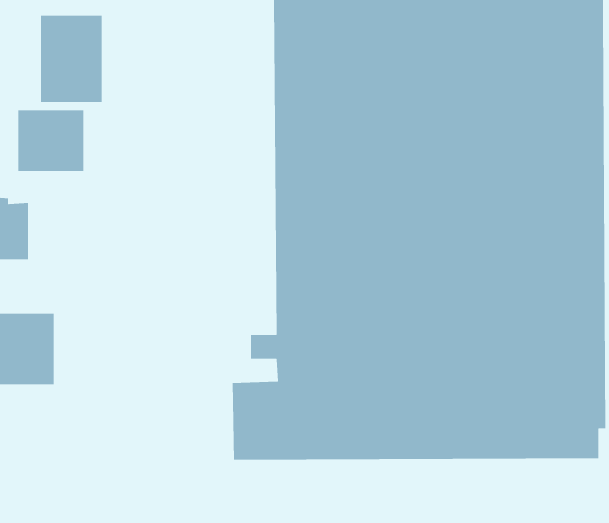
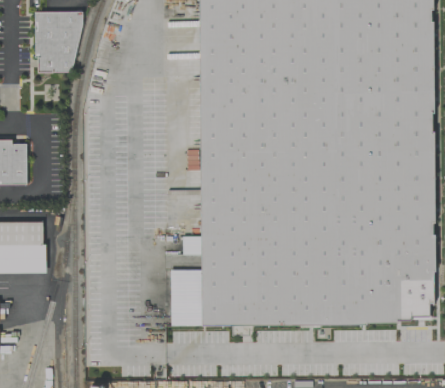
building: [18,110,84,172] -> none

